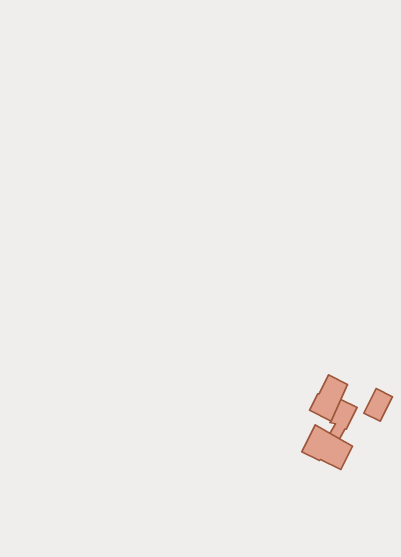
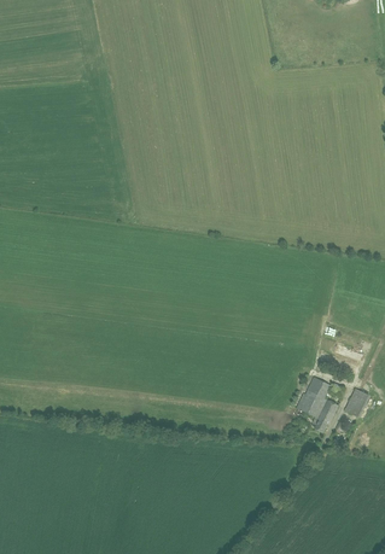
building: [302,425,353,470] -> none

